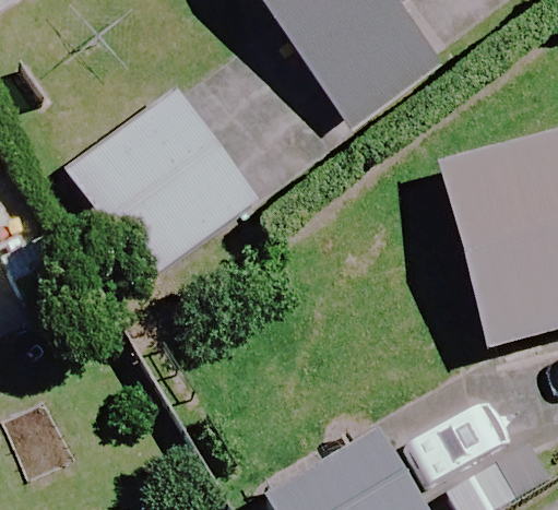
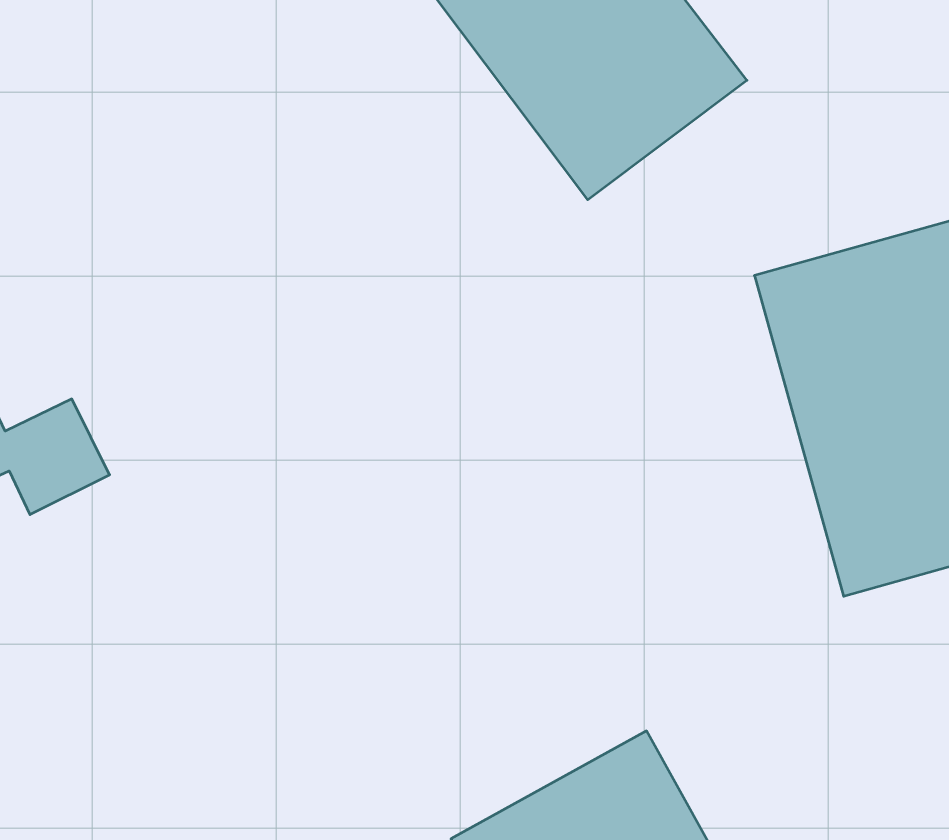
building: [69,92,258,281] -> none

